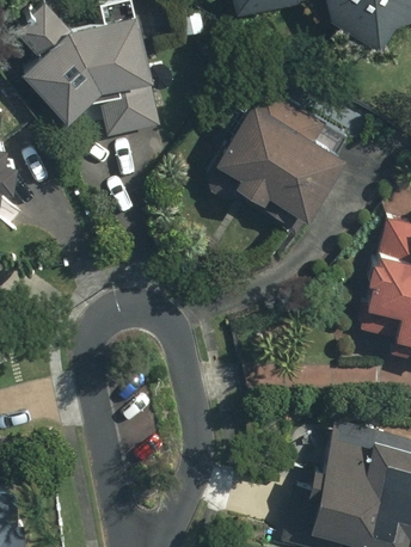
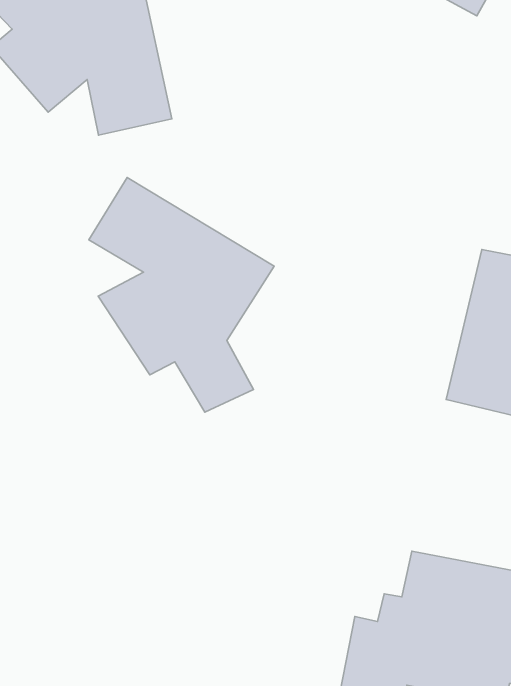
building: [207,85,344,215] -> none
building: none -> [89,177,274,412]

